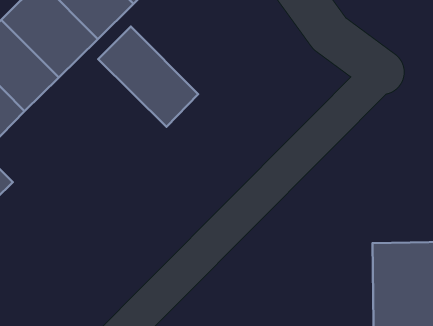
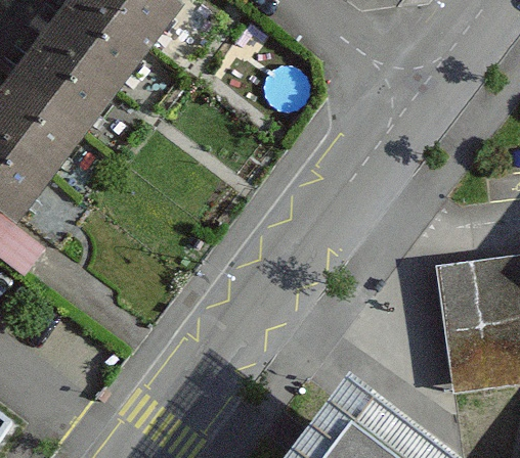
building: [98,26,198,127] -> none

